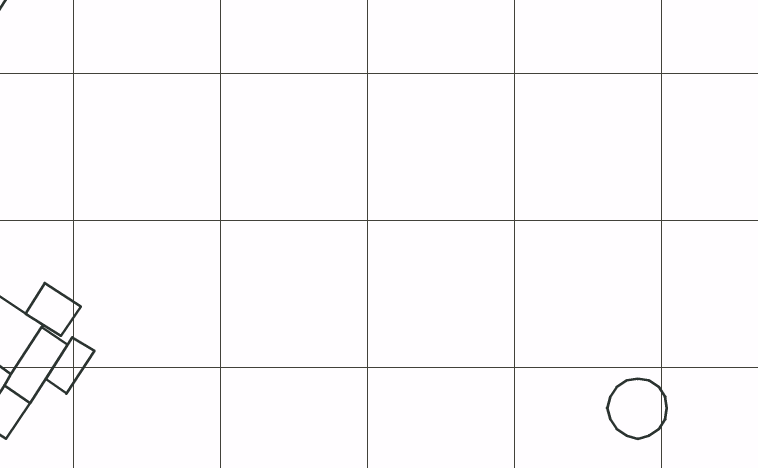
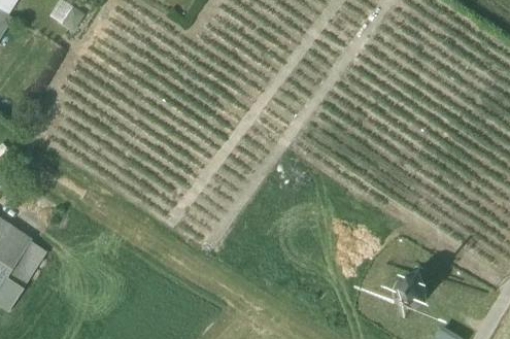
building: [26,283,81,336] -> none
building: [46,337,94,394] -> none

